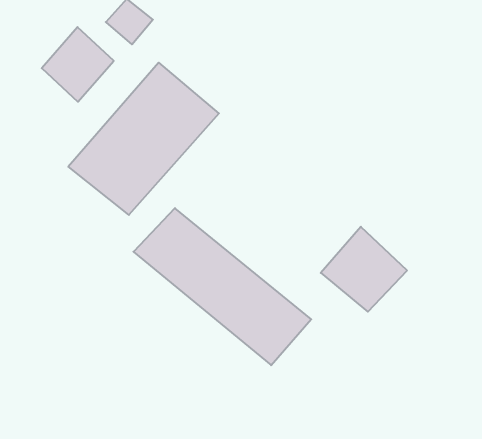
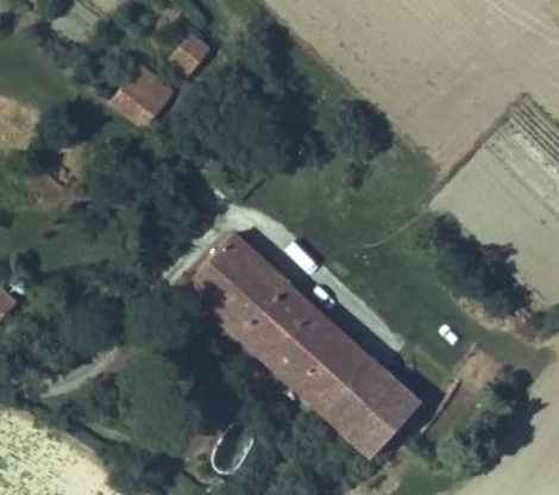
building: [68,63,219,215] -> none
building: [321,227,407,312] -> [324,359,410,445]

